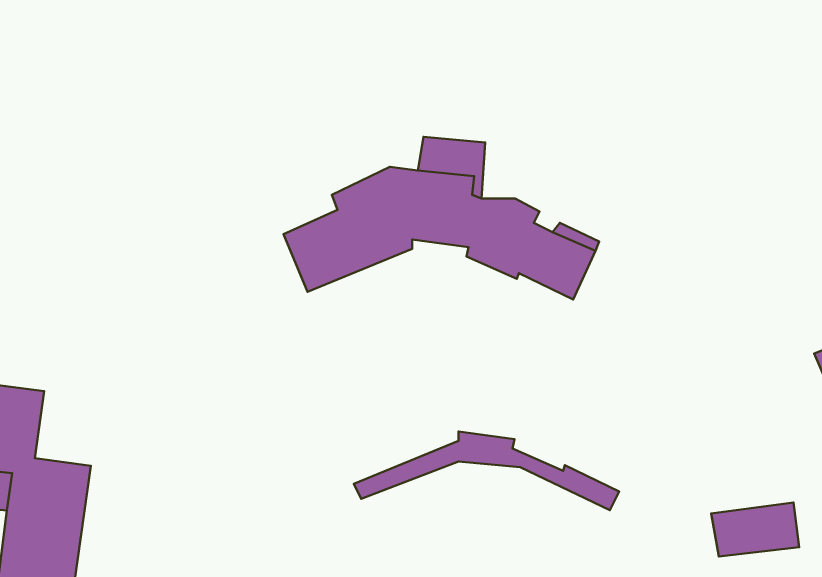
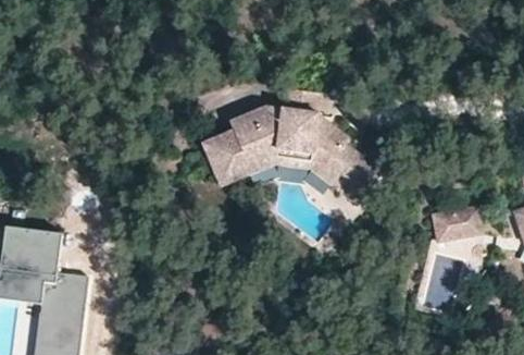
building: [354,432,619,510] -> [213,147,367,193]
building: [711,502,799,557] -> [433,212,484,244]

